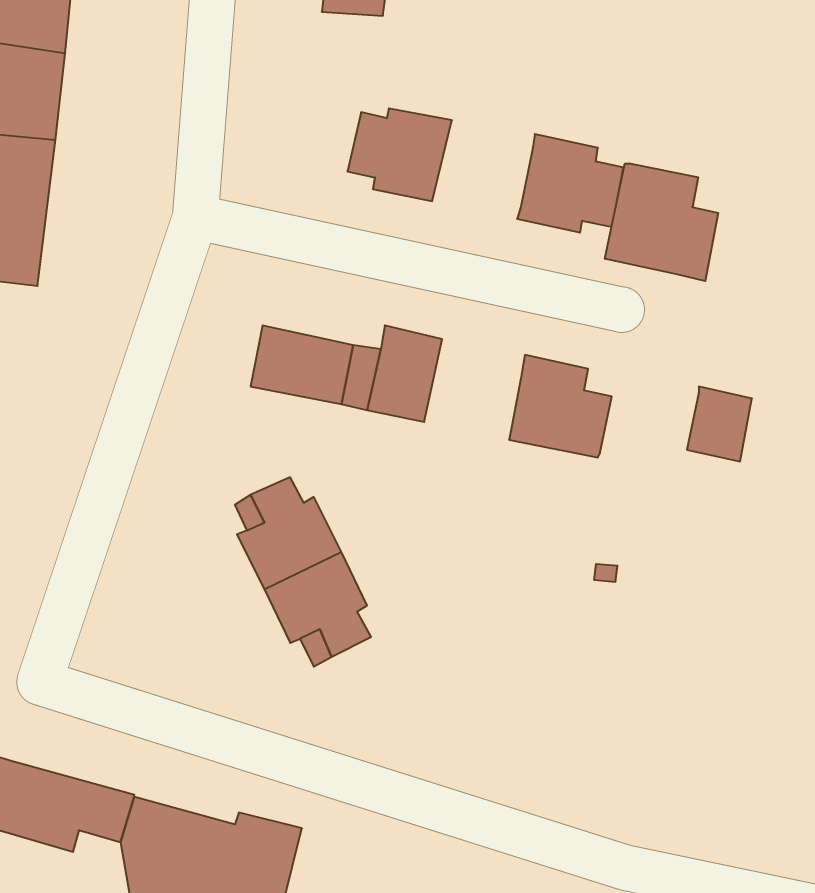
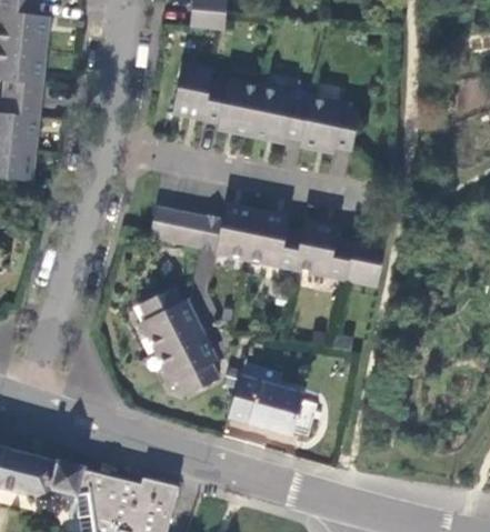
building: none -> [173,66,214,118]
building: none -> [252,89,309,141]
building: [605,163,718,281] -> none
building: none -> [248,212,302,269]
building: [687,387,752,462] -> [347,241,383,283]
building: none -> [229,377,306,435]

